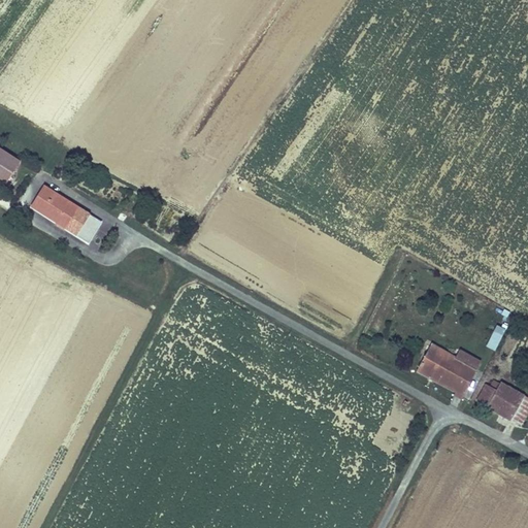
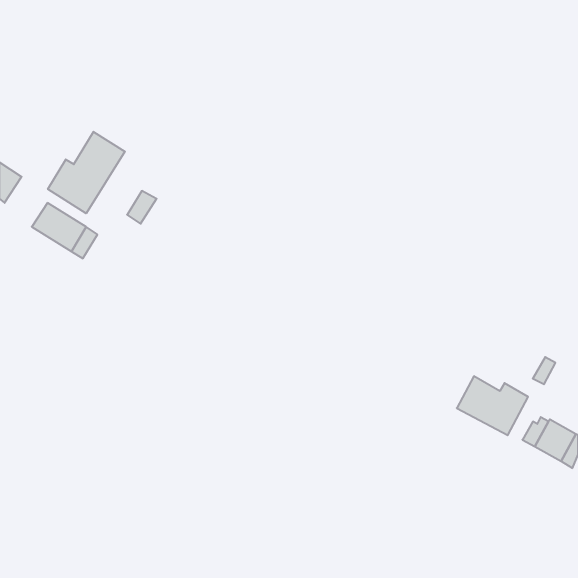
building: none -> [48,132,125,213]
building: [75,213,102,243] -> [127,191,157,224]

